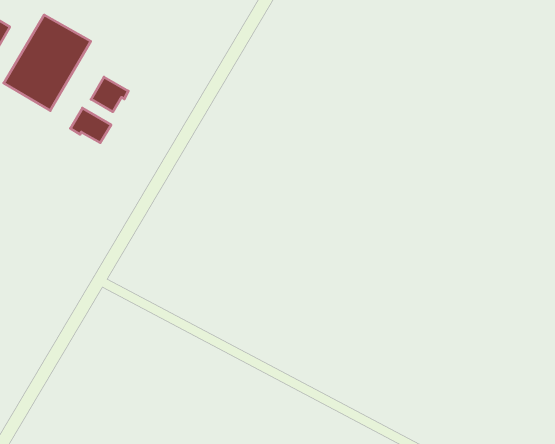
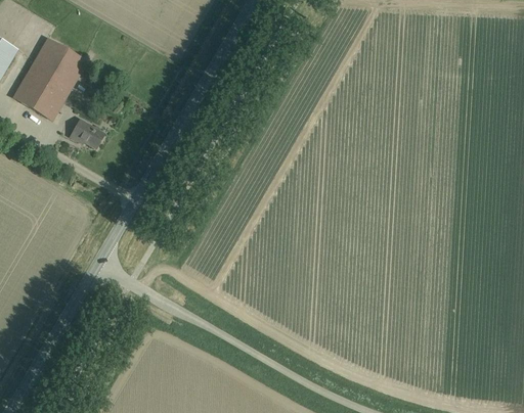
building: [91,77,128,112] -> none

